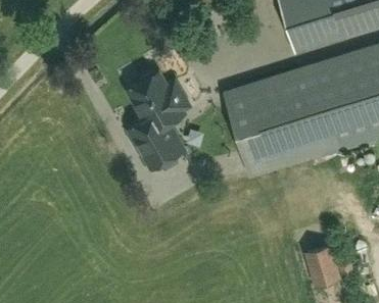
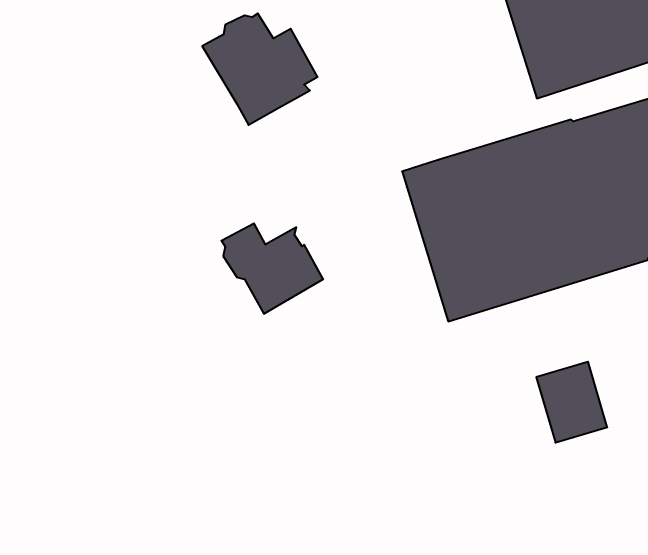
building: [127,72,188,132] -> [202,13,318,125]
building: [301,242,339,285] -> [536,362,607,443]

